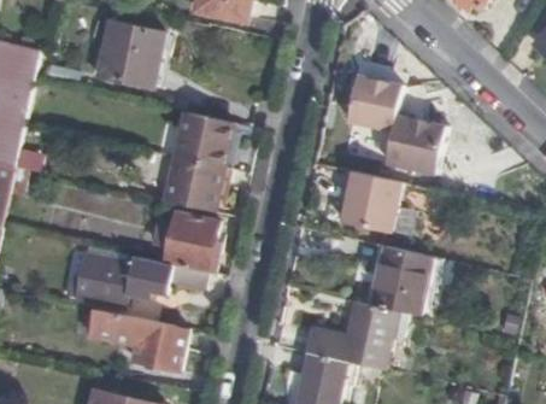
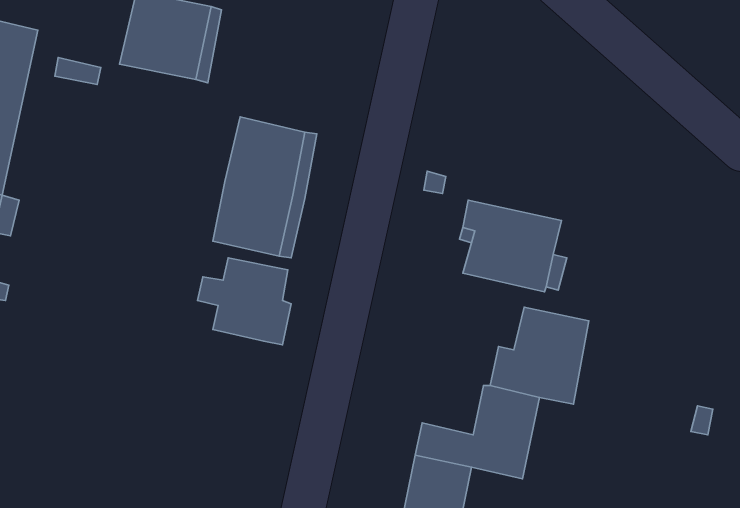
building: [347,76,457,177] -> none
building: [54,251,199,308] -> none
building: [87,309,187,369] -> none

